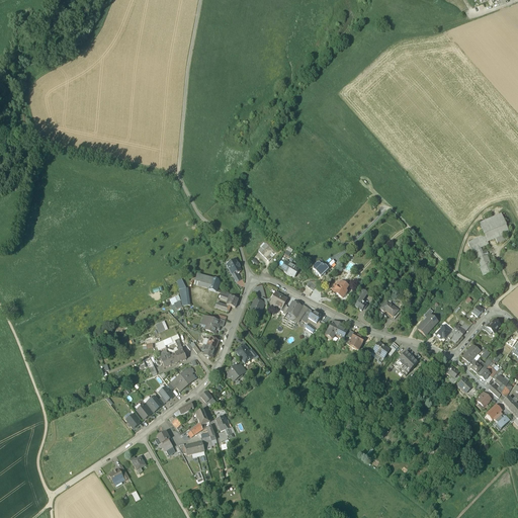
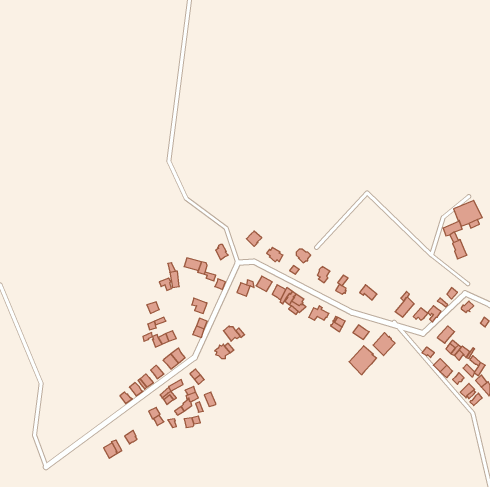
building: none -> [349,346,377,375]

